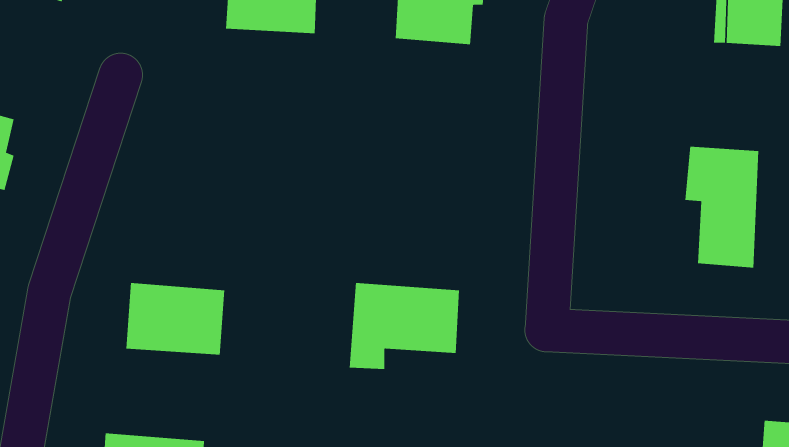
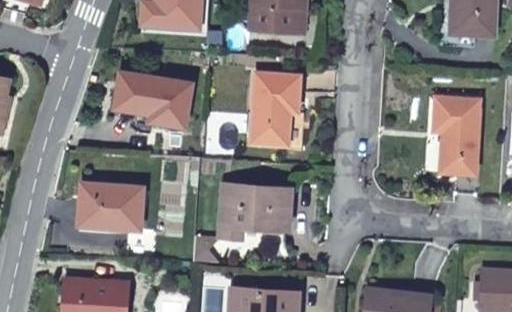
building: none -> [116,73,192,134]
building: none -> [252,75,299,145]

